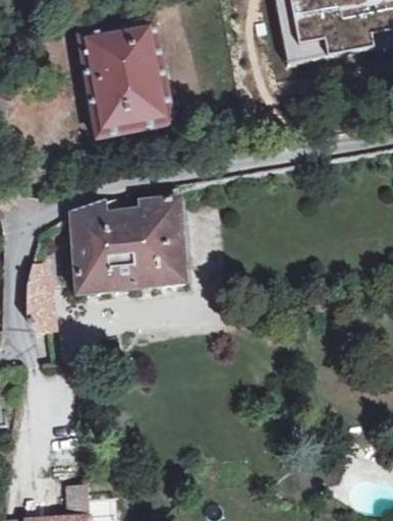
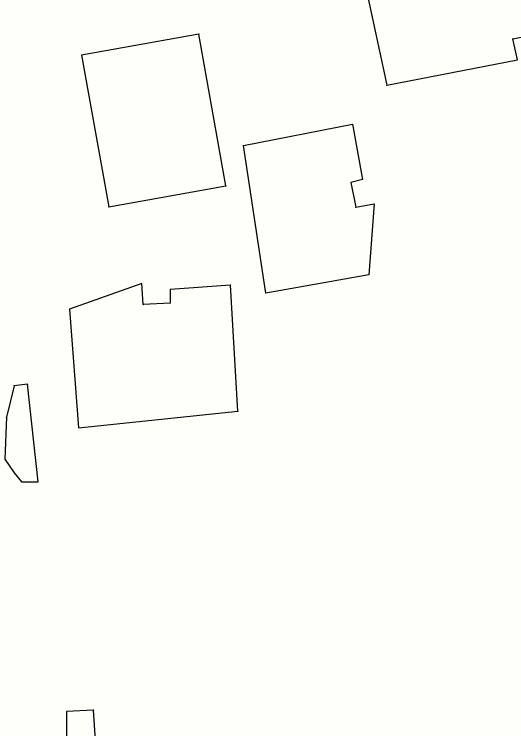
building: none -> [243,124,374,293]

